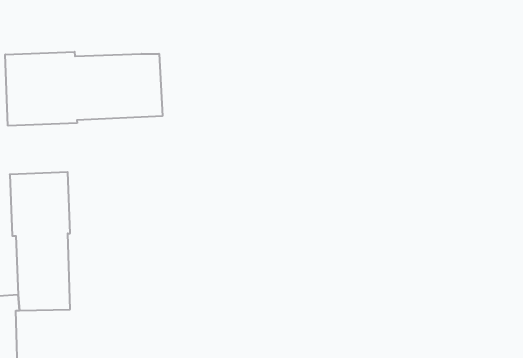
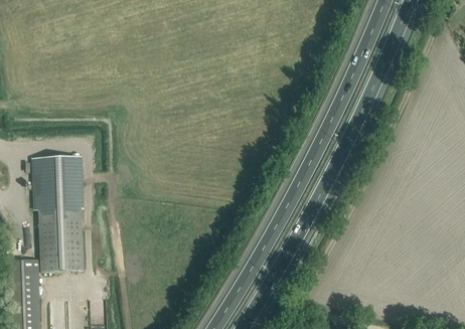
building: [5,52,162,126] -> none

